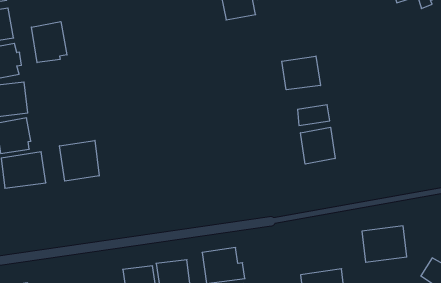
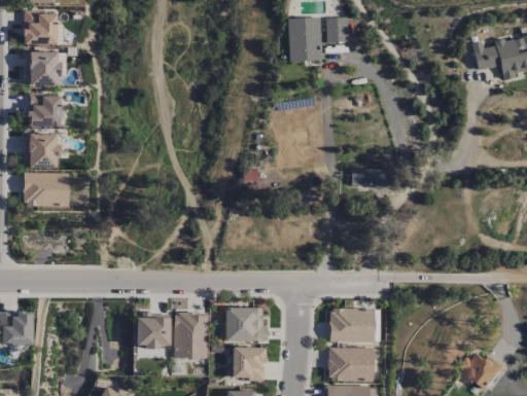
building: [31,22,67,63] -> none
building: [282,56,320,90] -> none
building: [301,127,335,164] -> none
building: [60,140,99,181] -> none
building: [362,226,407,262] -> [329,308,376,343]

